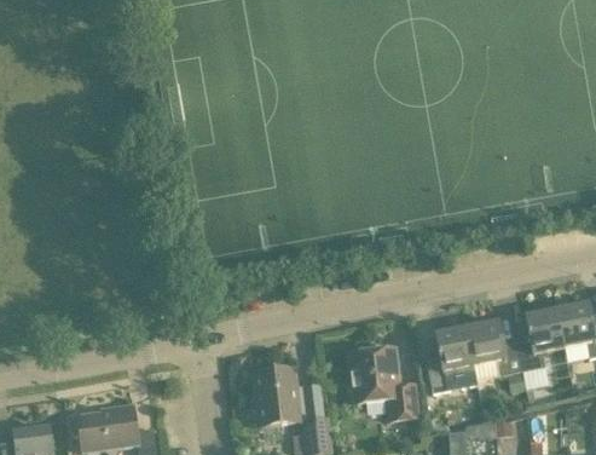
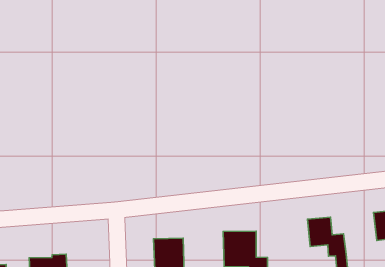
building: [516,306,563,368] -> none
building: [424,324,471,386] -> none

